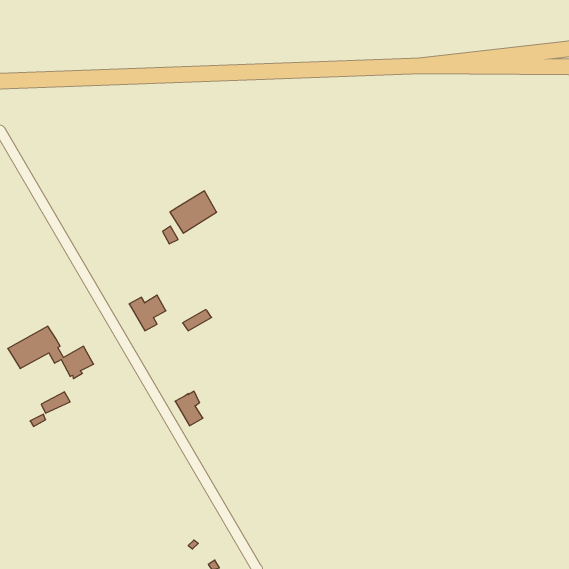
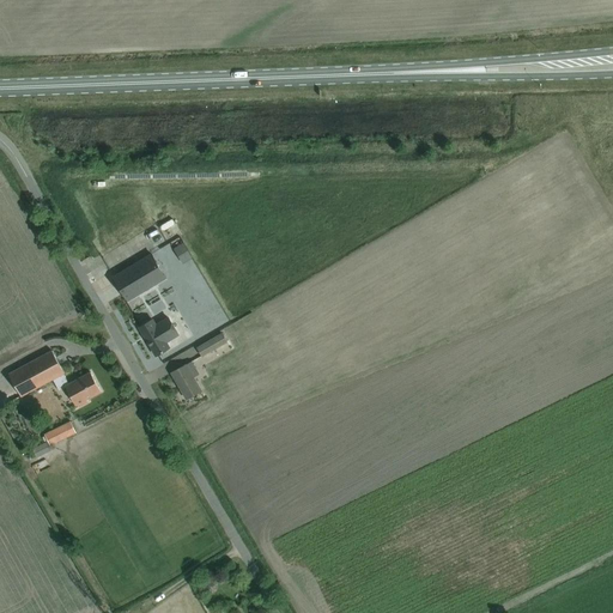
building: [170,191,217,233] -> [114,254,164,299]
building: [175,391,203,426] -> [171,362,201,399]

